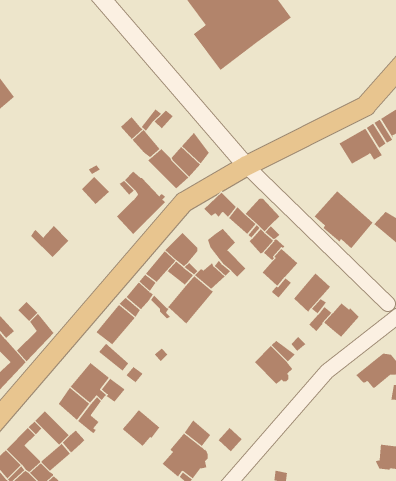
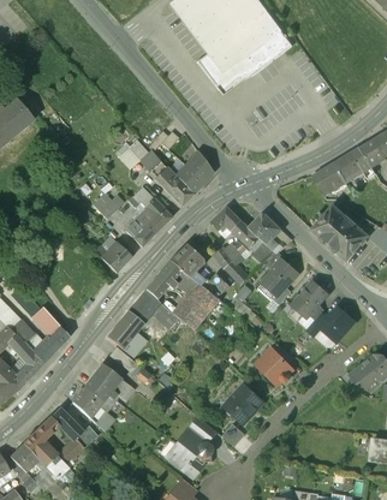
building: none -> [310,161,345,195]
building: [30,225,69,258] -> [97,242,133,272]
building: none -> [222,385,261,423]
building: [121,409,160,447] -> none

